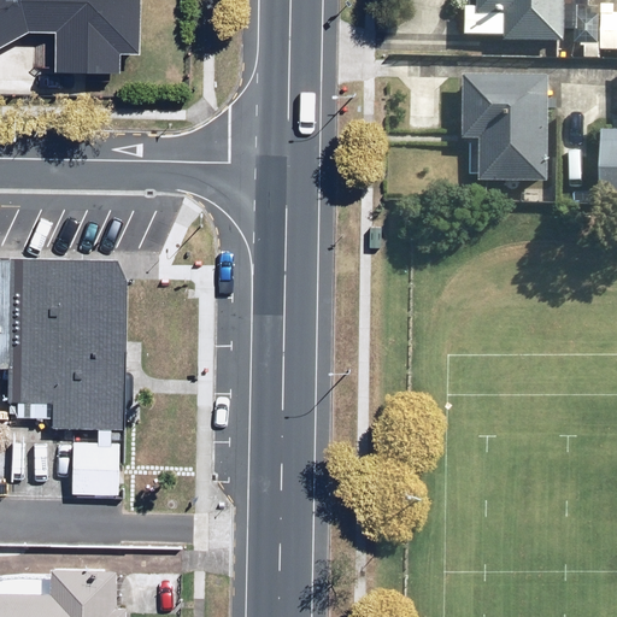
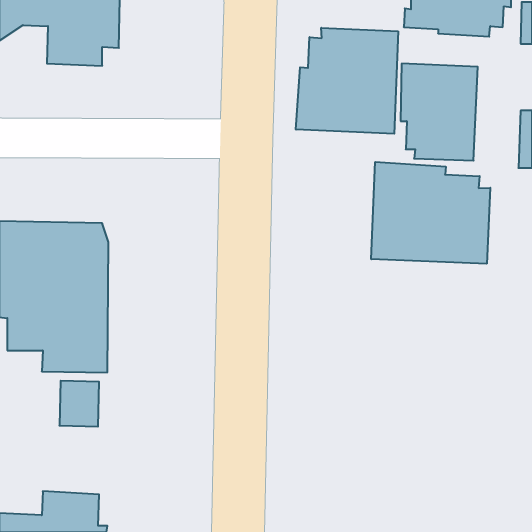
building: none -> [296,28,398,134]
building: none -> [371,162,490,264]

